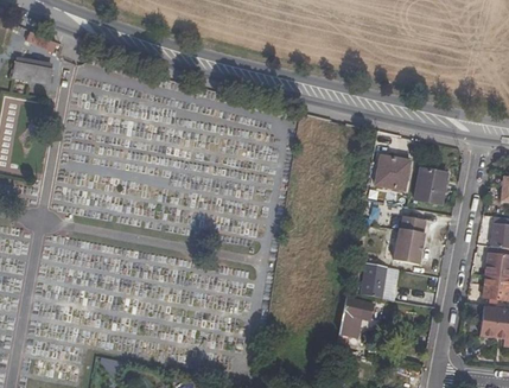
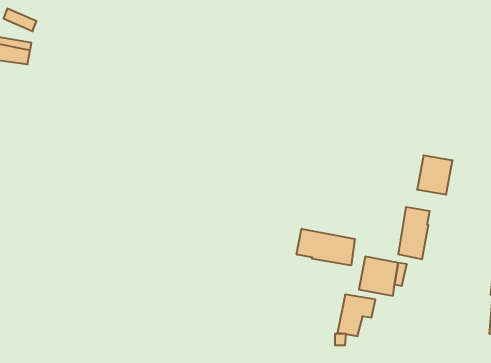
building: [375,154,411,190] -> none
building: none -> [297,229,355,265]

